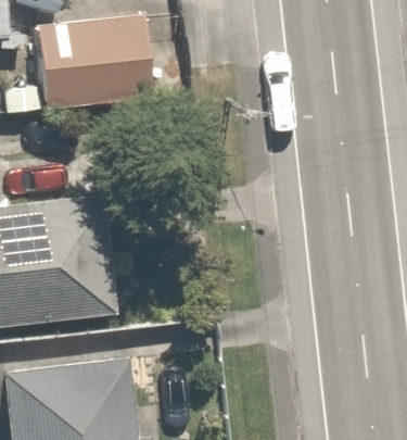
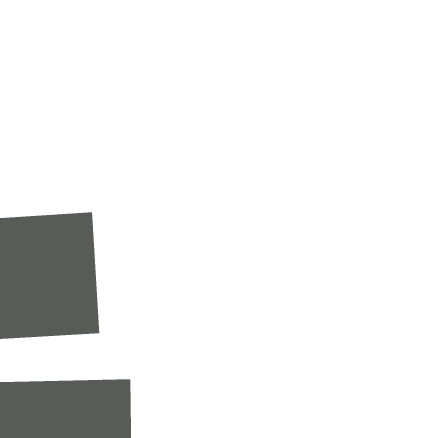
building: [30,38,143,109] -> none

